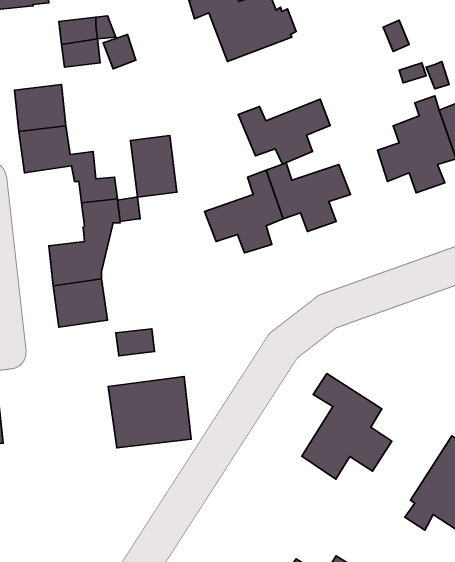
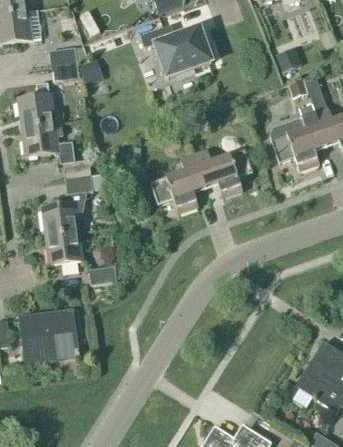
building: [238,99,330,164] -> none
building: [131,135,177,197] -> none
building: [302,373,392,479] -> none
building: [108,376,191,448] -> [20,311,78,361]

